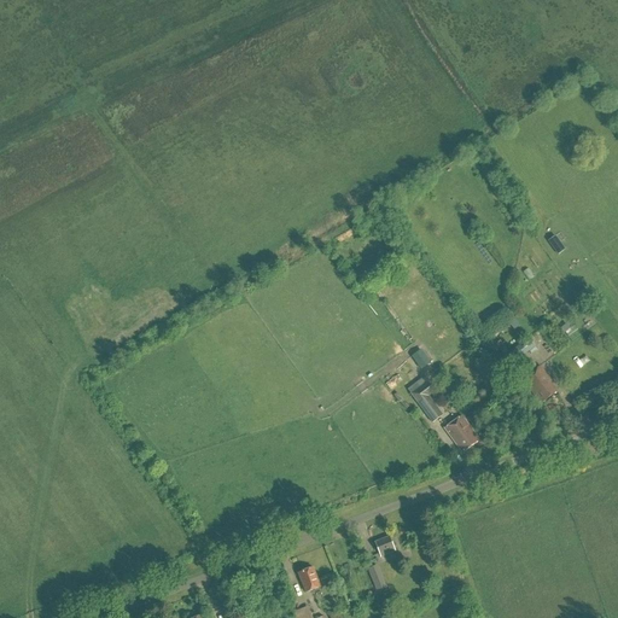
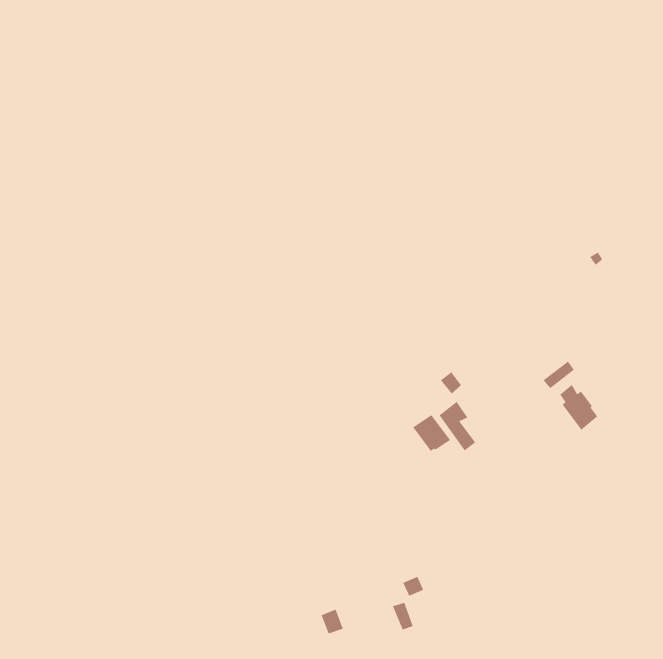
building: [444,413,480,448] -> [412,414,451,452]

